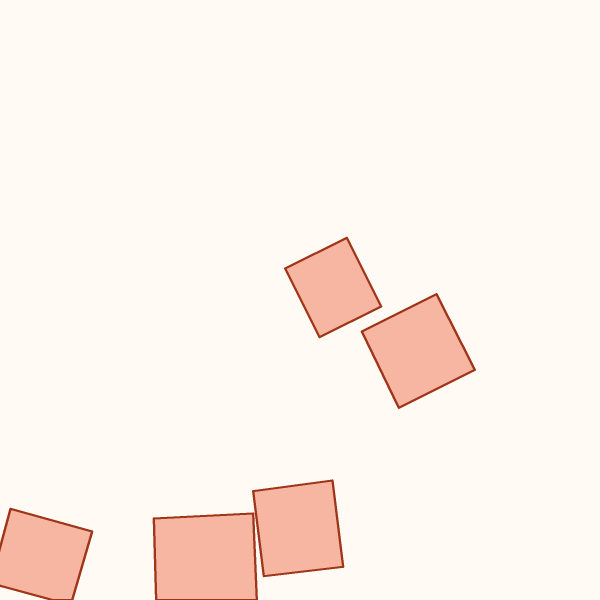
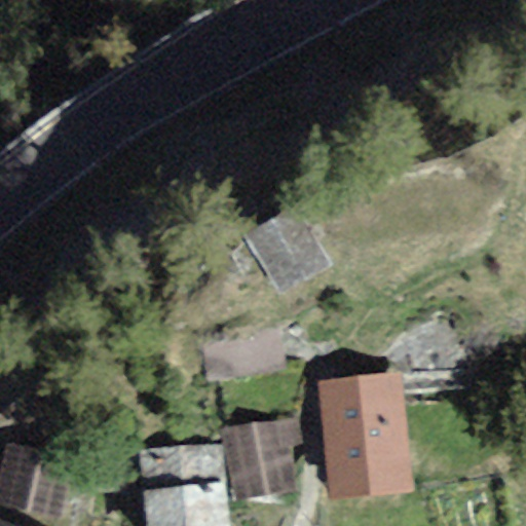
building: [362,294,475,408] -> none
building: none -> [314,373,415,500]

